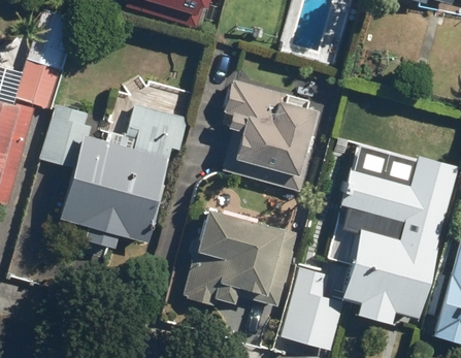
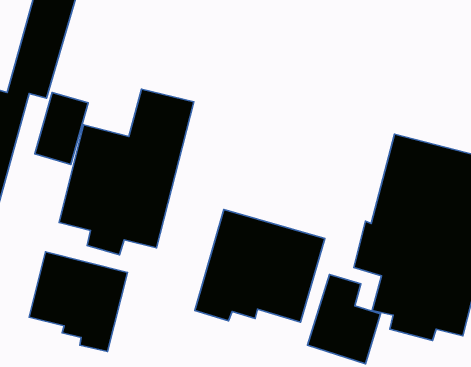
building: [222,77,323,191] -> none
building: none -> [29,252,128,352]

